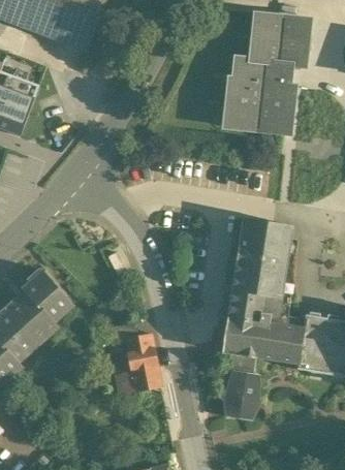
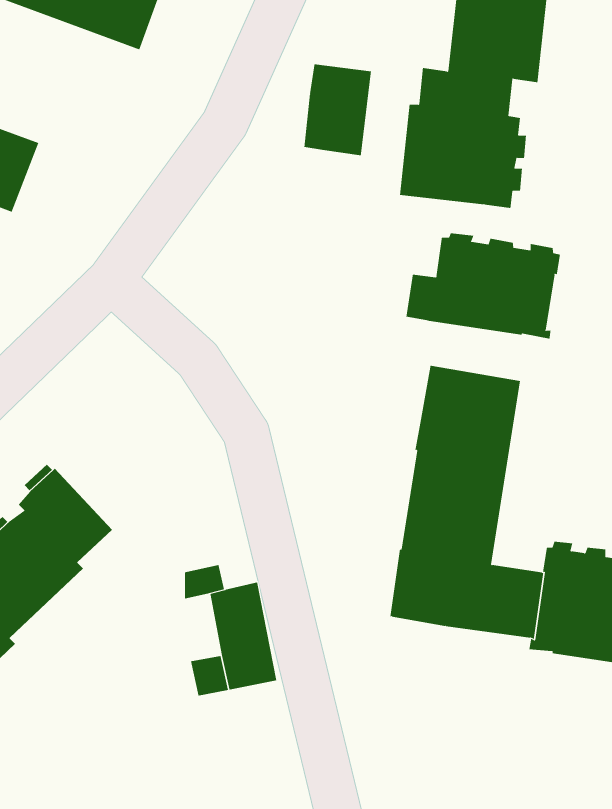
building: none -> [304,64,371,156]
building: none -> [406,232,560,340]
building: [221,351,257,420] -> none

